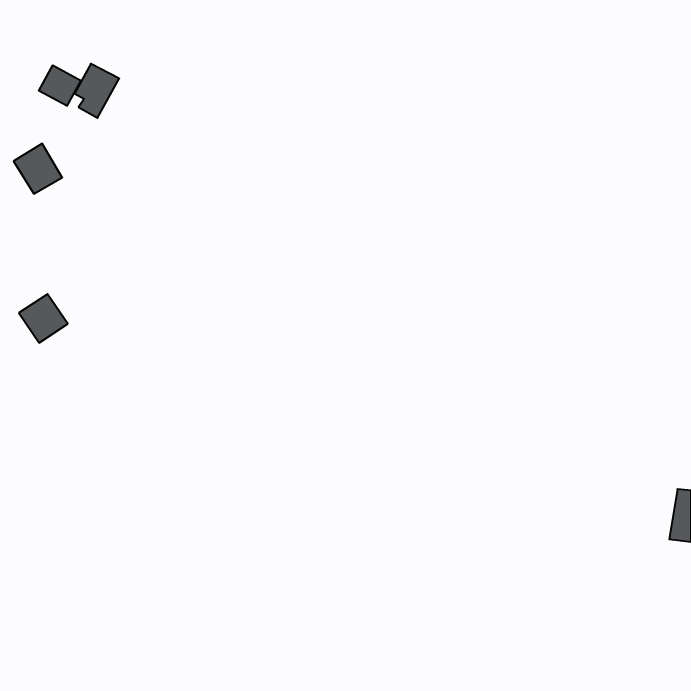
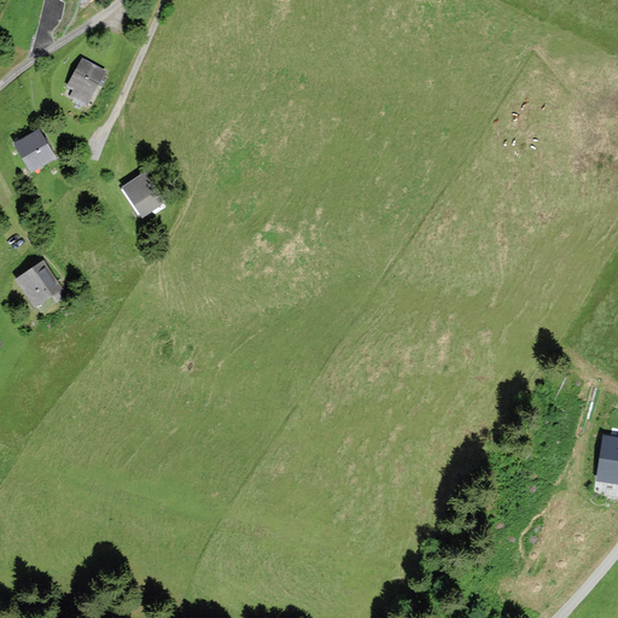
building: [39,65,81,106] -> none
building: none -> [121,170,167,217]

